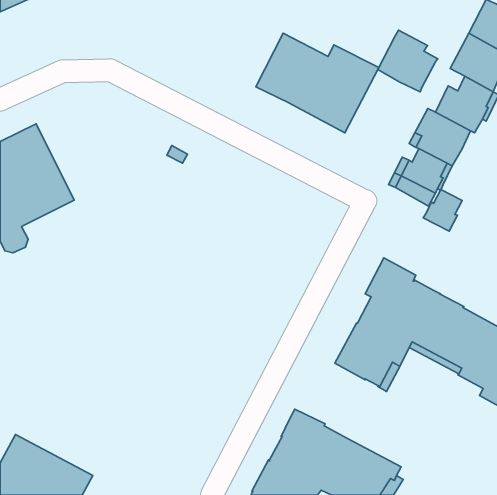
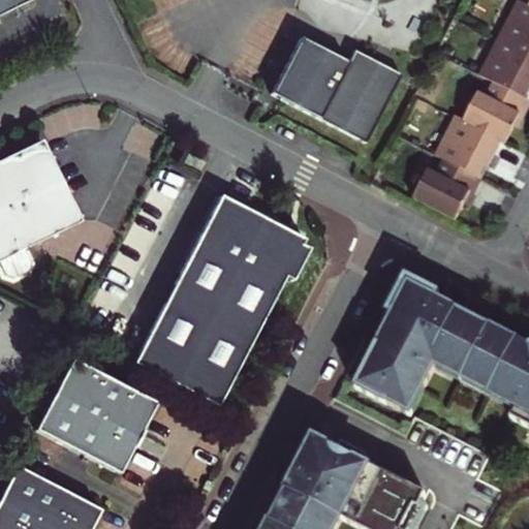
building: [378,30,438,92] -> none
building: none -> [132,196,307,407]
building: [423,190,462,231] -> none
building: none -> [32,363,153,478]

